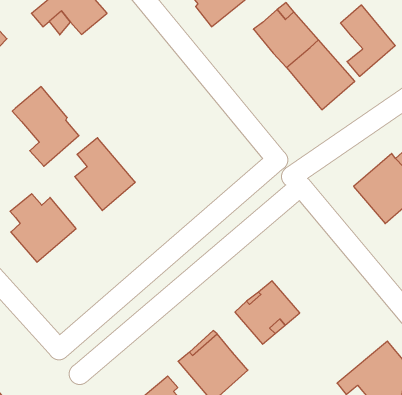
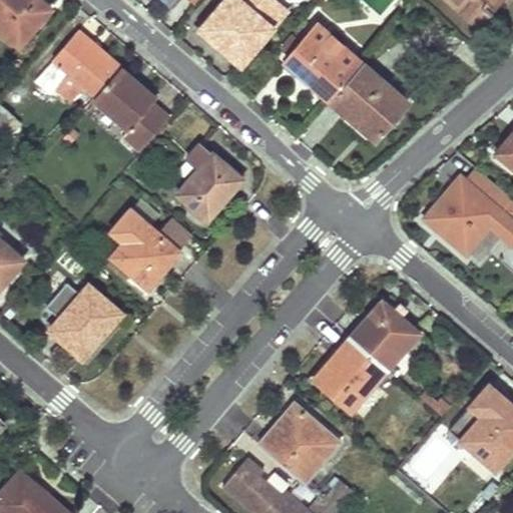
building: [341,5,395,76] -> none
building: [12,87,79,166] -> [93,68,171,156]
building: none -> [178,141,244,219]
building: none -> [349,302,416,370]

